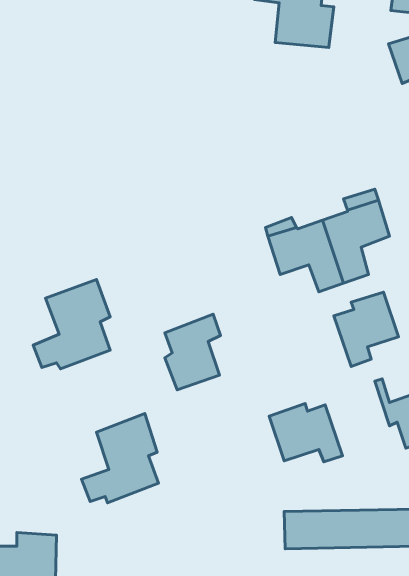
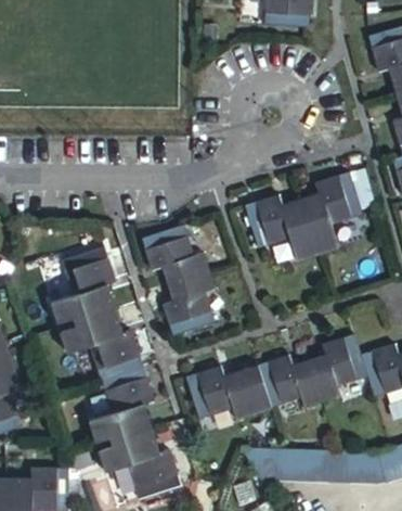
building: none -> [140,232,206,293]
building: [334,292,399,367] -> [303,335,360,400]
building: none -> [60,308,146,380]
building: none -> [187,366,269,421]
building: none -> [102,424,187,494]

